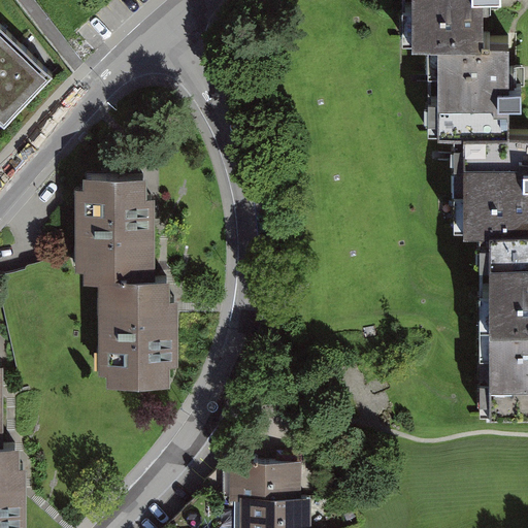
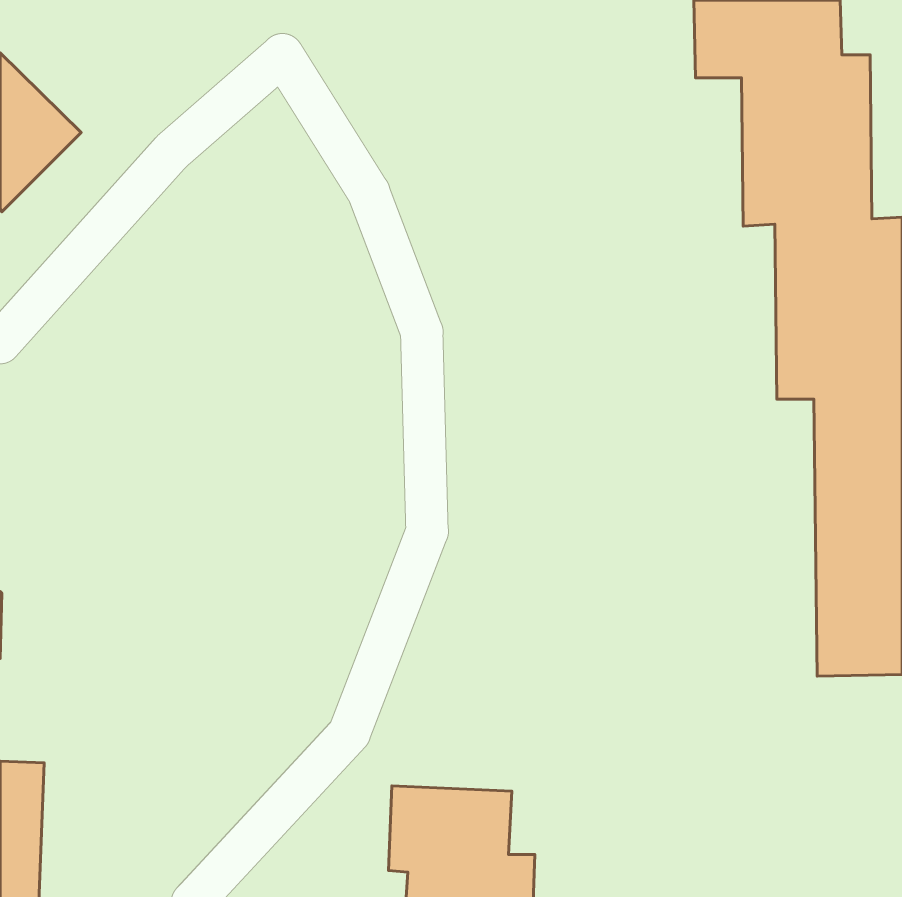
building: [77,176,177,387] -> none

